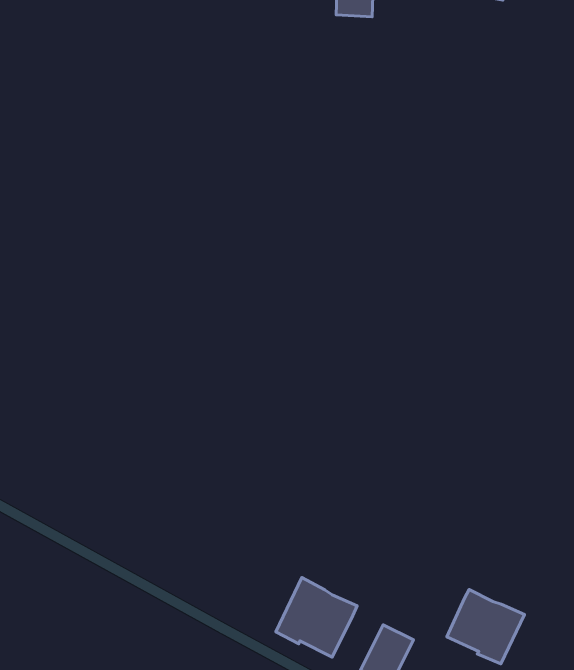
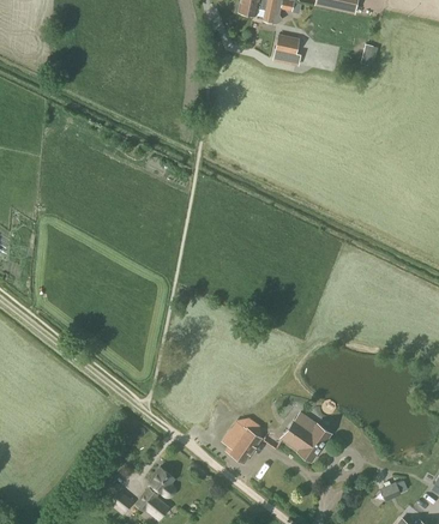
building: [276,578,357,657] -> none

